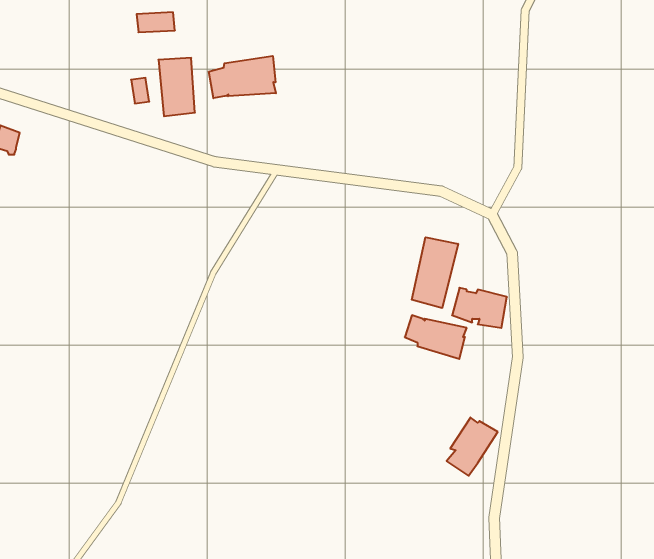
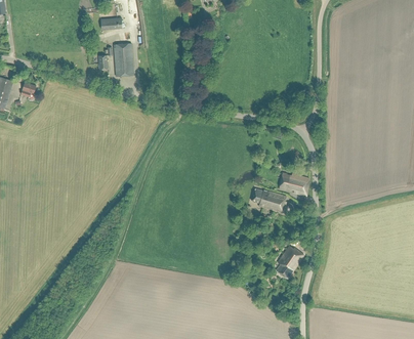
building: [209,56,276,98] -> none
building: [412,237,458,308] -> none

